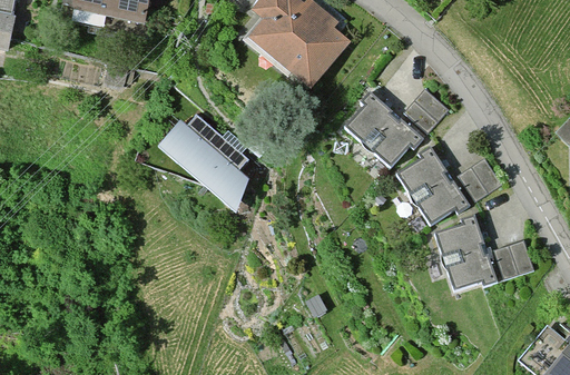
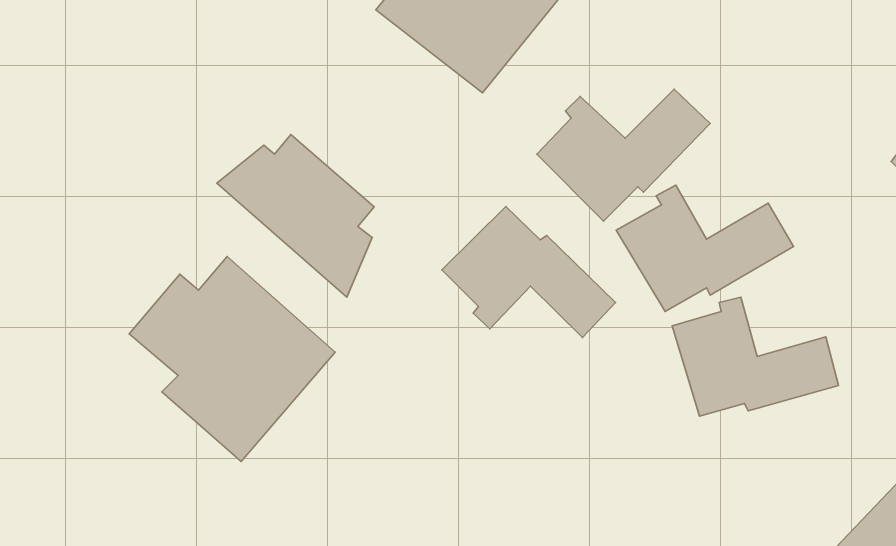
building: none -> [442,207,615,338]
building: none -> [129,256,335,461]

